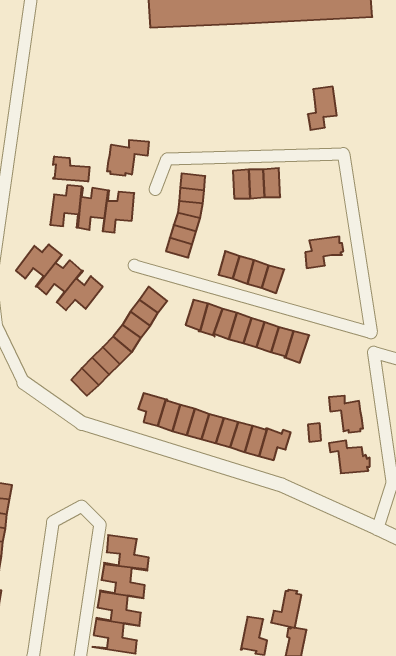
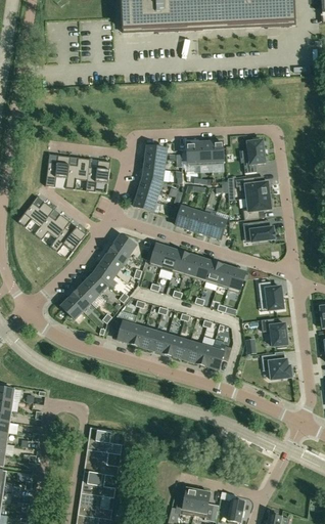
building: [308,87,337,130] -> [242,139,265,173]
building: [107,140,149,176] -> none
building: [53,156,90,182] -> none
building: none -> [234,177,270,198]
building: none -> [242,220,274,242]
building: none -> [257,280,282,309]
building: [271,590,301,628] -> [174,486,197,516]

